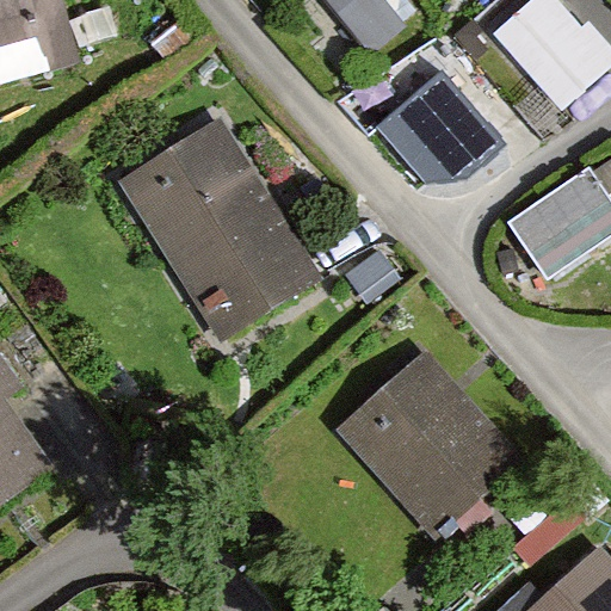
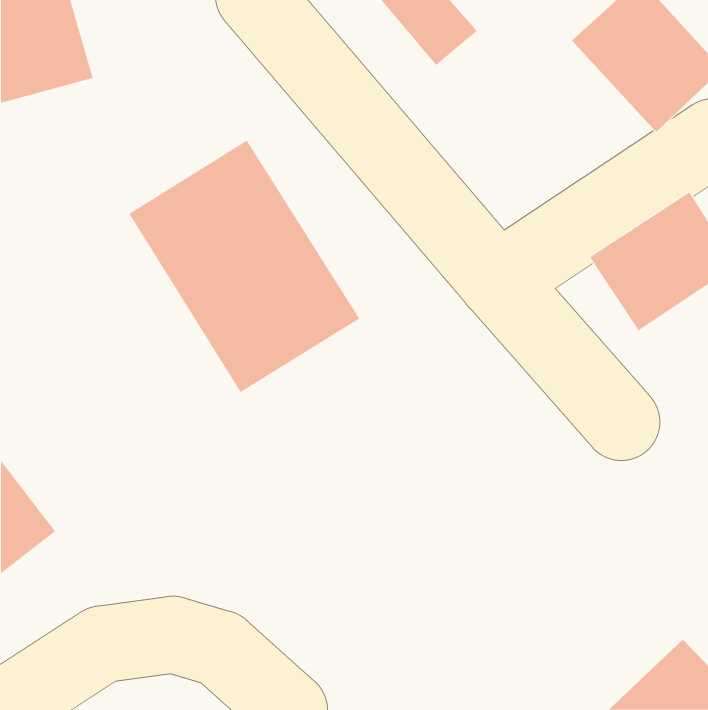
building: [381,68,512,180] -> none
building: [331,345,517,532] -> none

